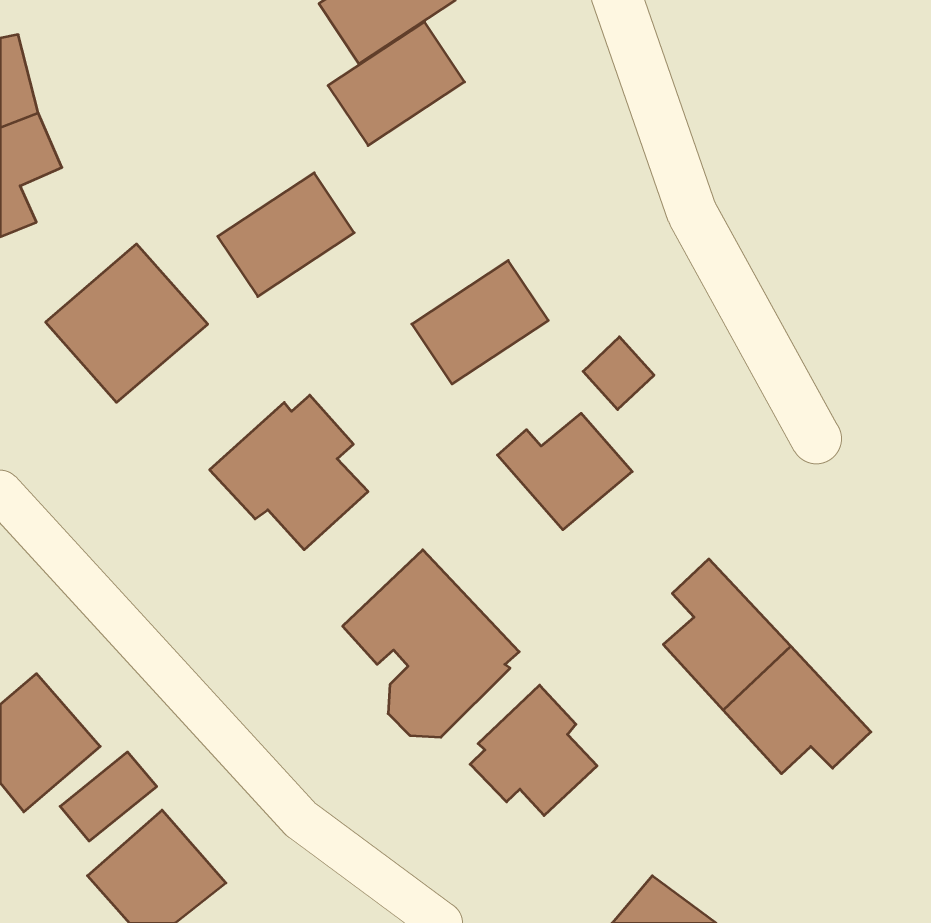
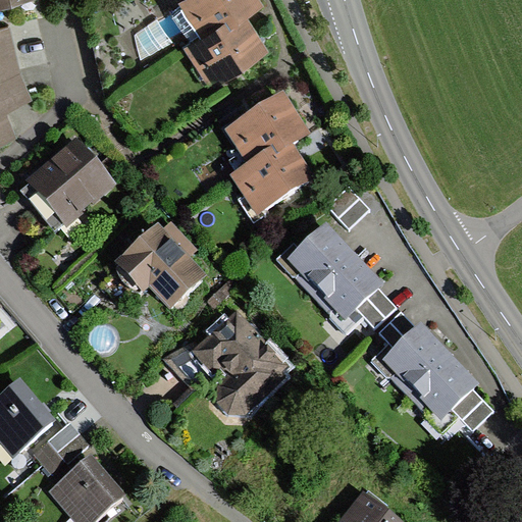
building: [218,173,354,297] -> [225,100,302,169]
building: none -> [315,264,392,329]
building: [470,685,597,816] -> none

